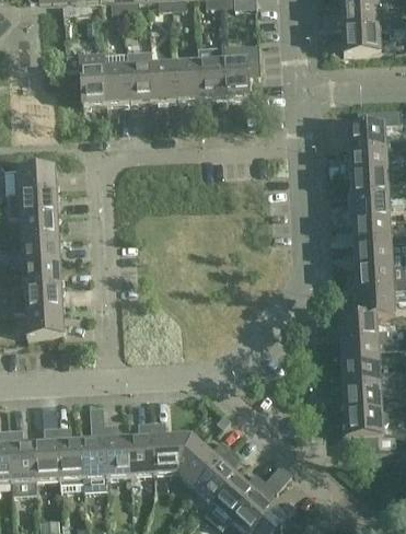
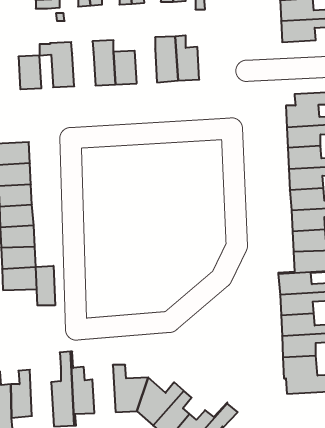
building: [175,60,200,100] -> none
building: [104,65,130,103] -> [18,56,41,89]
building: none -> [36,266,55,305]
building: [127,420,153,475] -> none
building: [56,425,82,478] -> none

